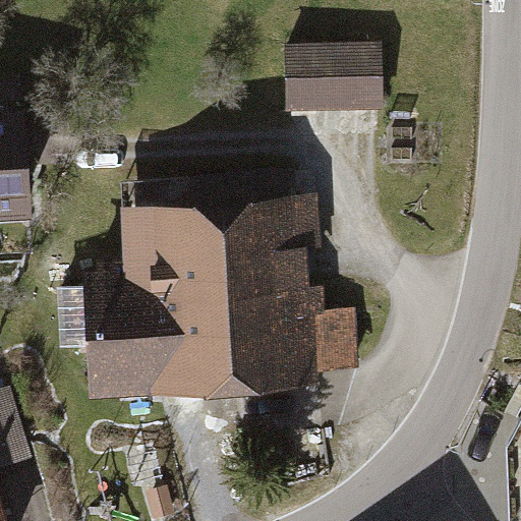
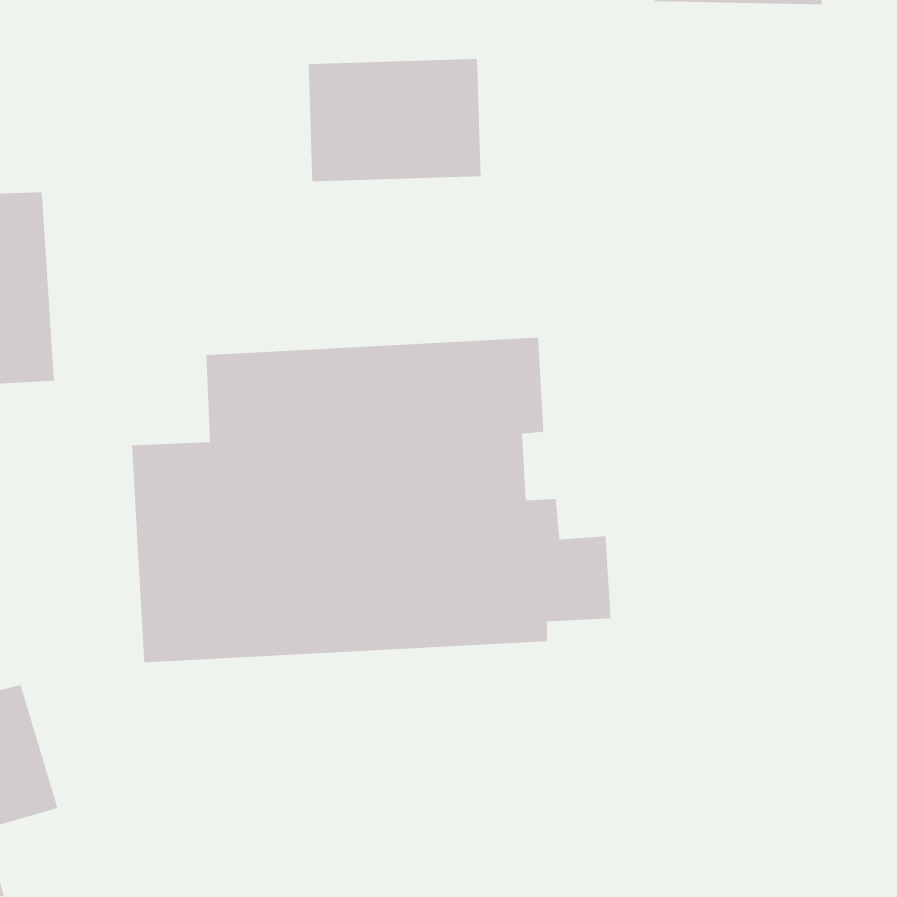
building: [285,48,385,119] -> [308,58,482,182]

